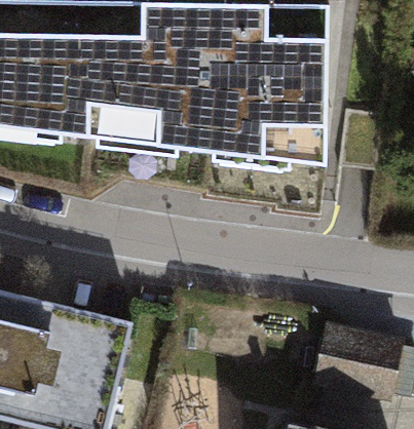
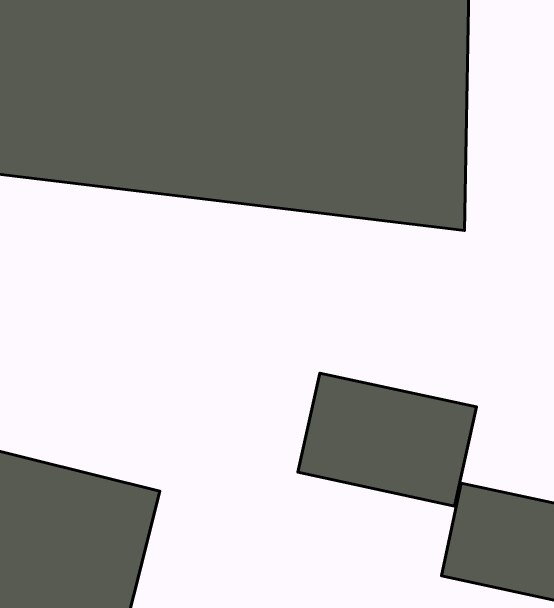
building: none -> [298,373,476,506]

